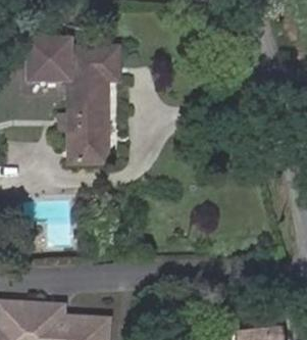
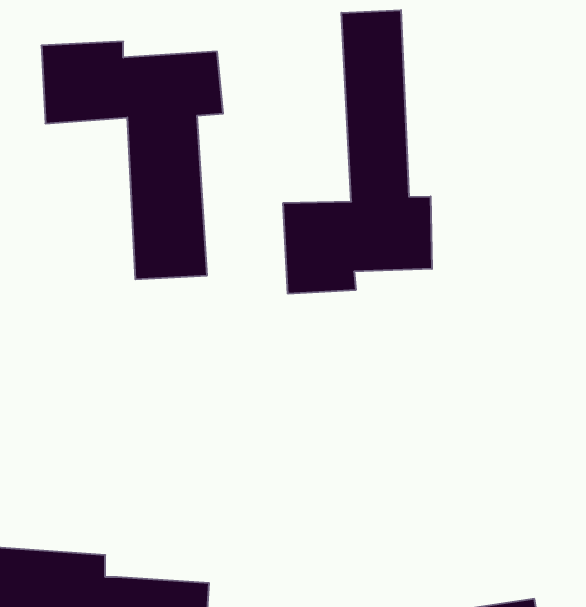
building: none -> [283,10,432,294]

